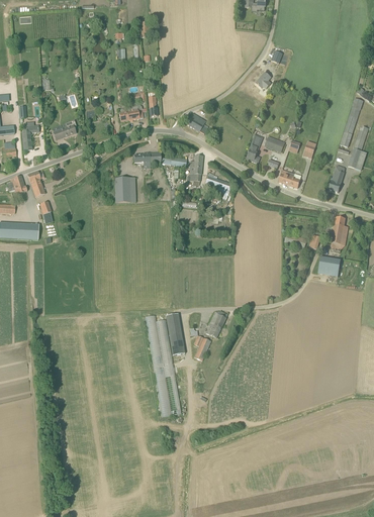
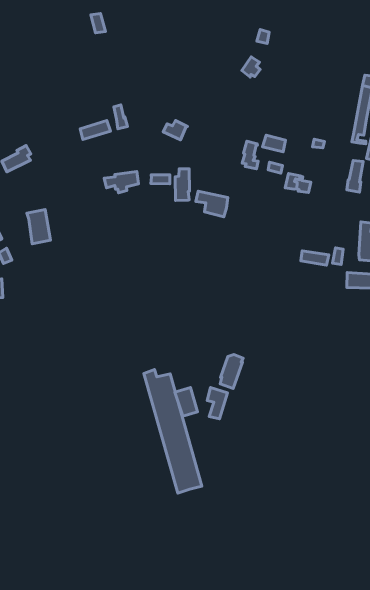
building: [114,177,130,203] -> [27,210,50,244]

